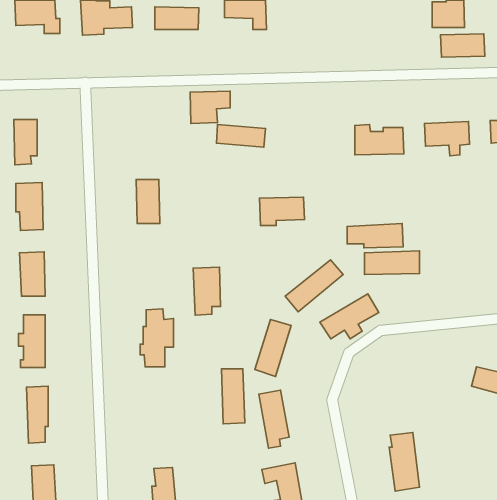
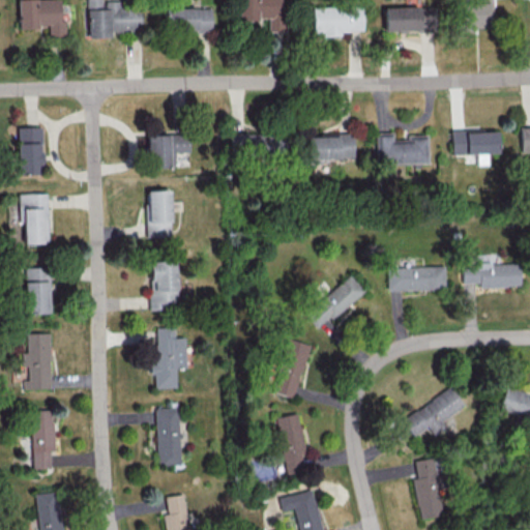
building: none -> [314,7,365,37]
building: [441,34,485,57] -> [386,7,433,32]
building: [190,91,230,123] -> [149,135,192,169]
building: [260,197,305,225] -> [308,135,356,165]
building: [347,223,403,248] -> [464,262,523,288]
building: [193,267,221,315] -> [150,260,179,311]
building: [320,294,379,339] -> [404,388,466,436]
building: [221,369,245,424] -> [157,408,182,466]

